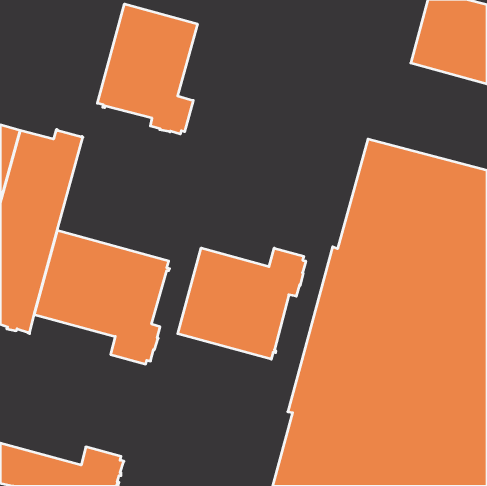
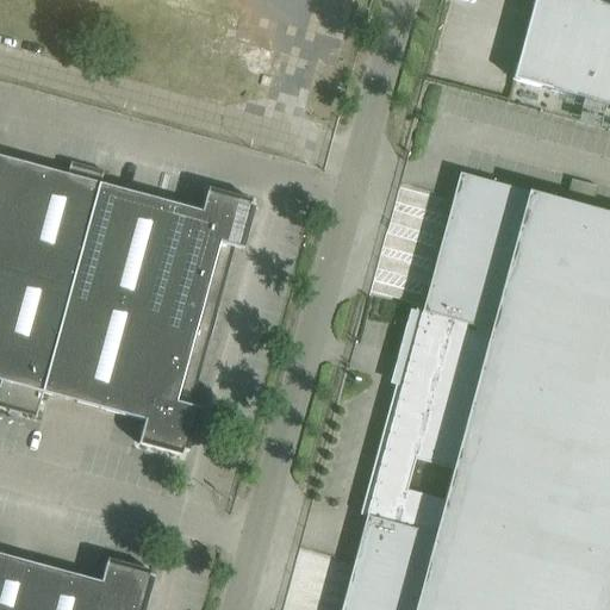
building: [97,4,197,134] -> none
building: none -> [71,183,256,326]
building: [178,248,306,359] -> none

